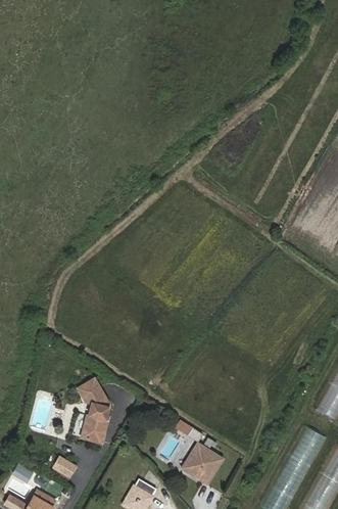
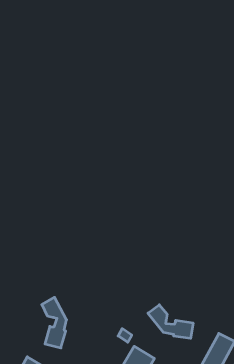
building: none -> [148,305,193,338]

